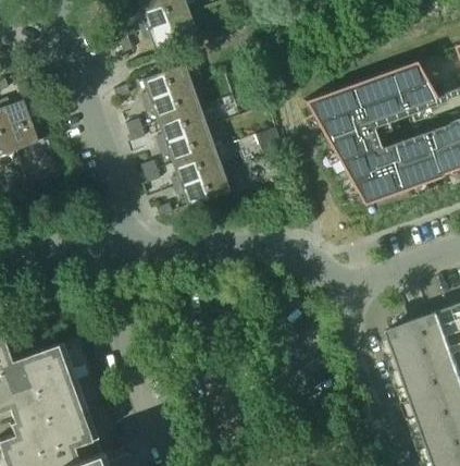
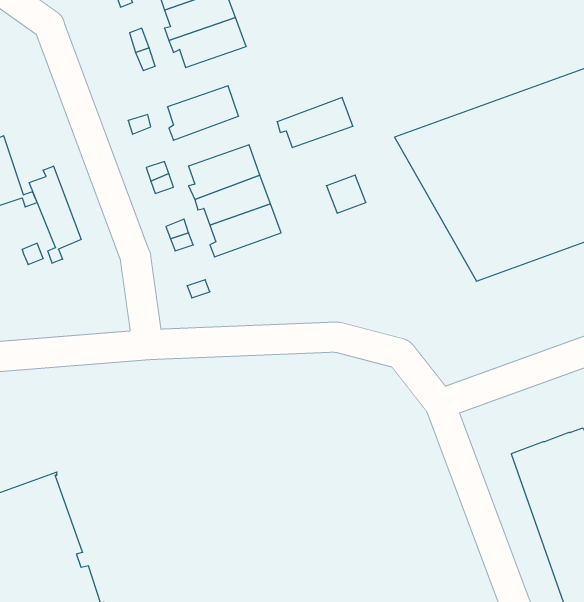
building: [146,86,200,122] -> [277,98,353,148]
building: none -> [29,166,81,263]
building: [175,170,231,207] -> none

